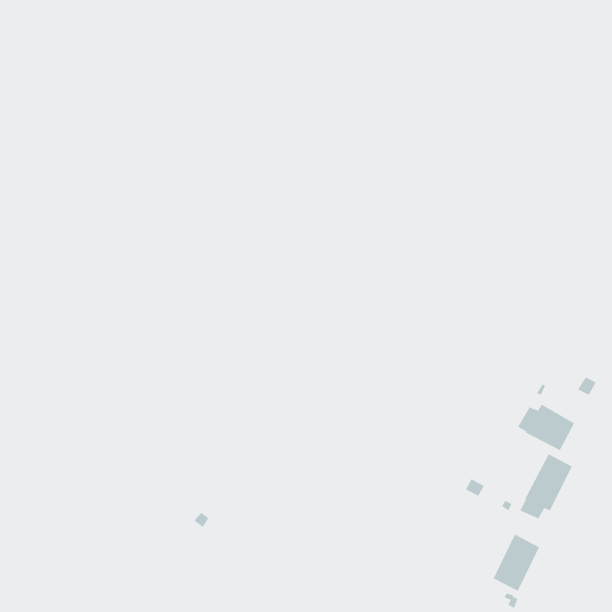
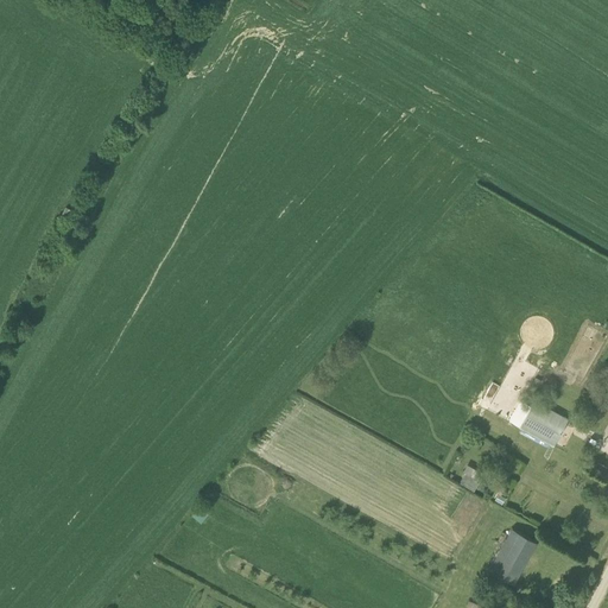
building: [520,453,572,519] -> none

